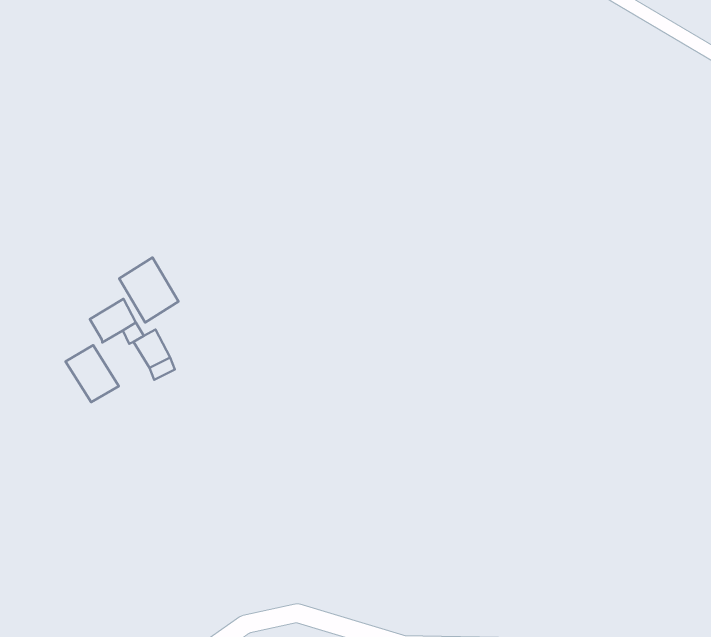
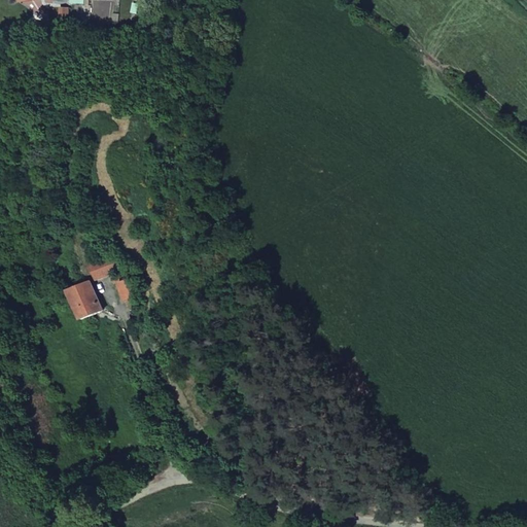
building: [119,257,179,323] -> none

